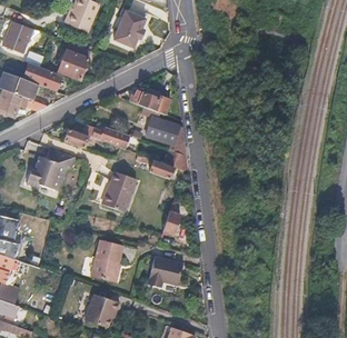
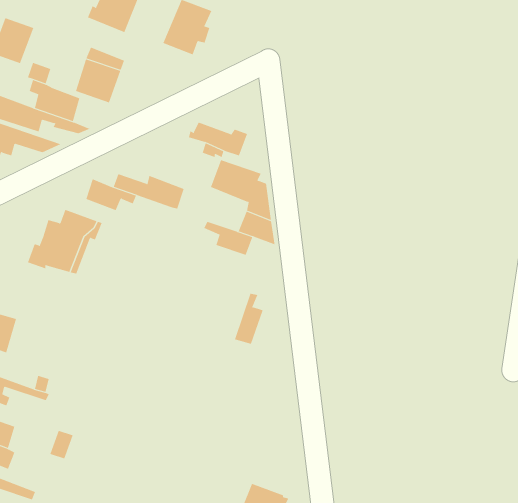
building: [103,169,136,209] -> none
building: [92,239,123,280] -> none
building: [147,256,182,287] -> none
building: [86,292,120,327] -> none

